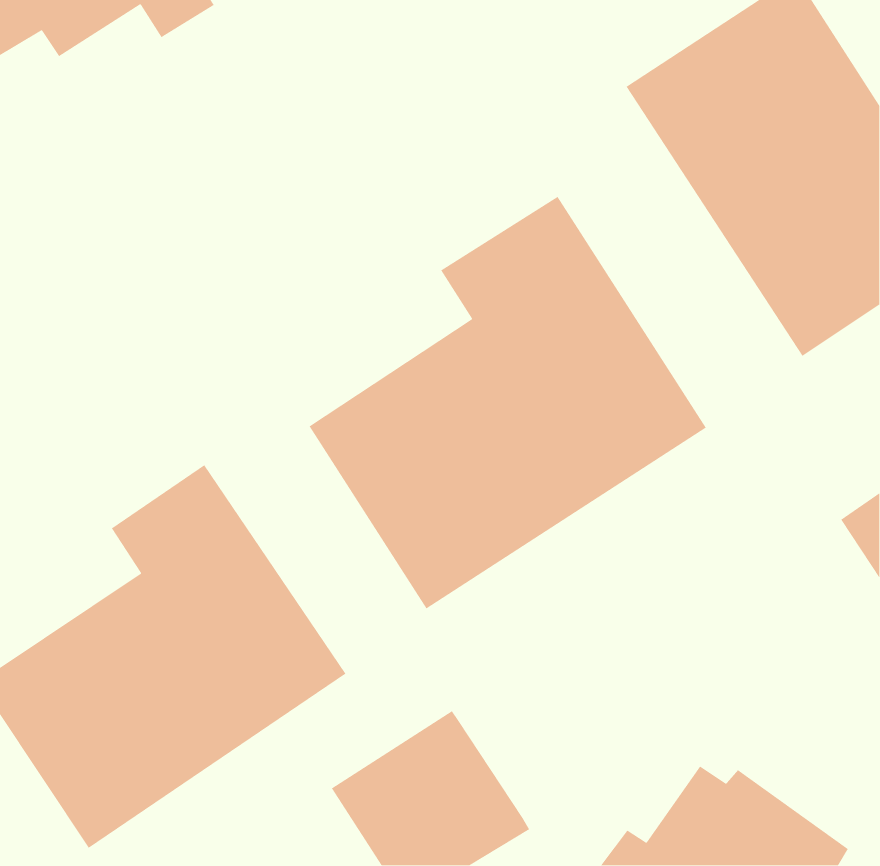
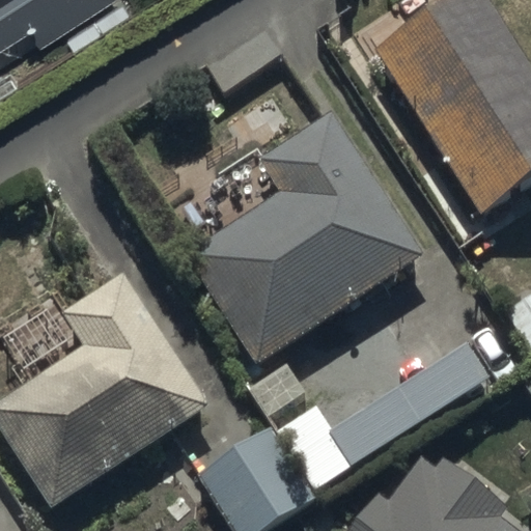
building: none -> [275,341,487,490]

